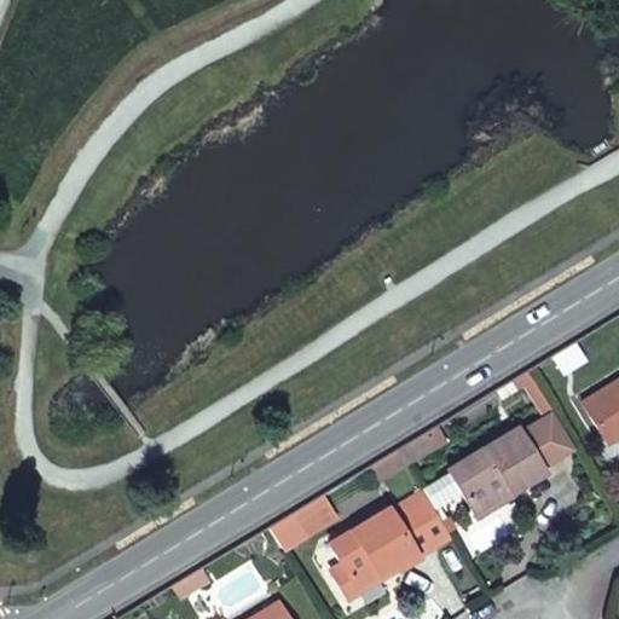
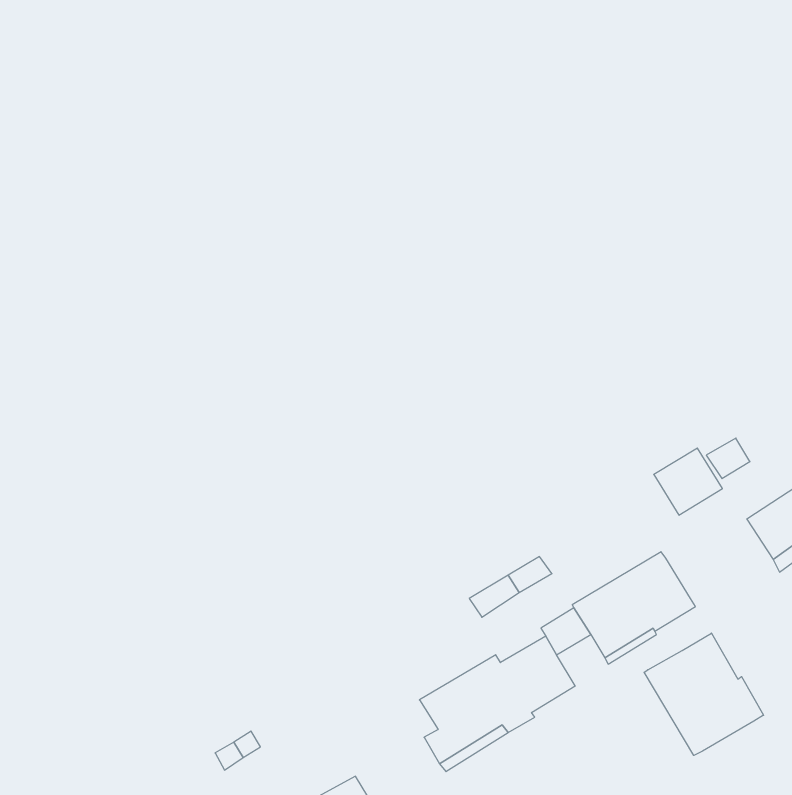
building: [520,413,573,465] -> [654,448,722,515]
building: none -> [644,633,764,755]

